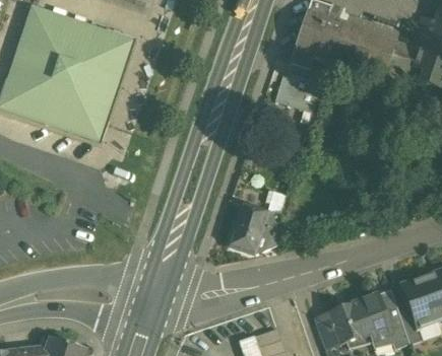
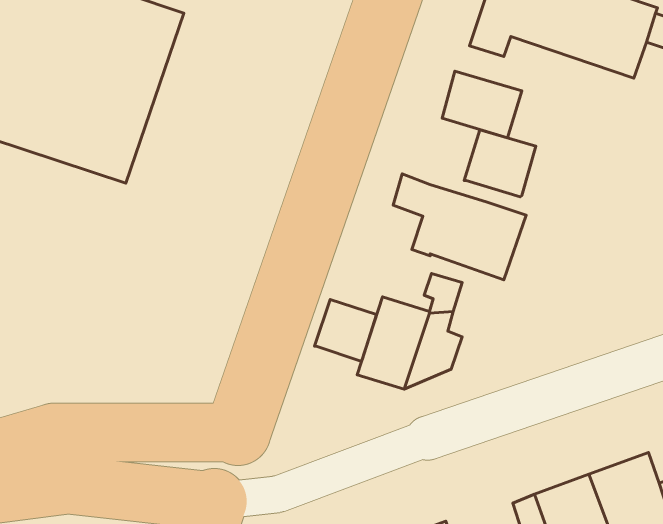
building: none -> [464,130,536,197]
building: none -> [393,174,526,280]
building: none -> [315,299,376,361]

